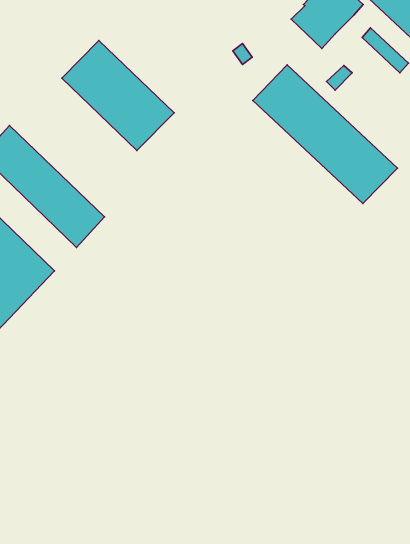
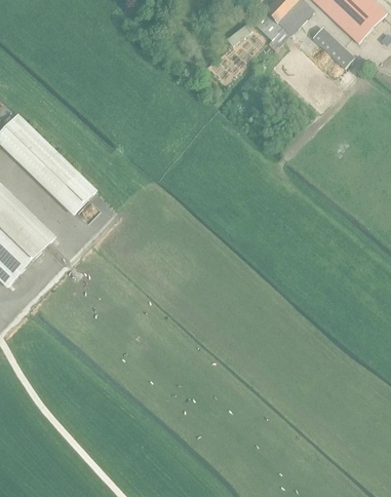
building: [62,40,174,150] -> none
building: [253,65,398,204] -> none

